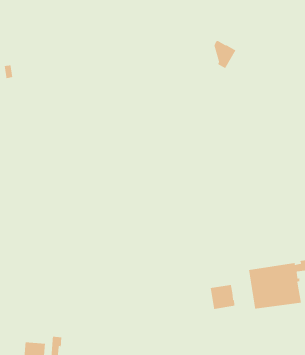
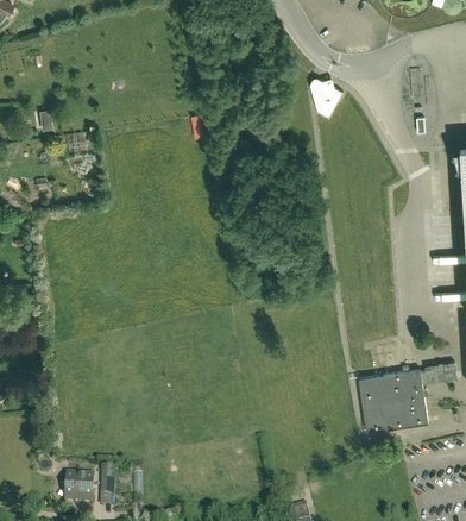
building: [210,284,235,310] -> none

